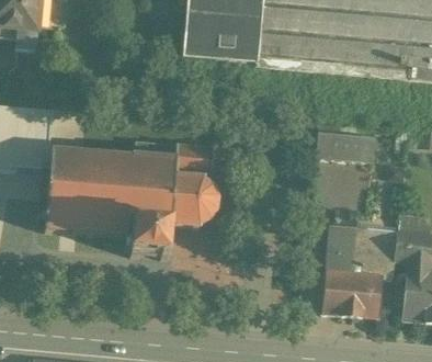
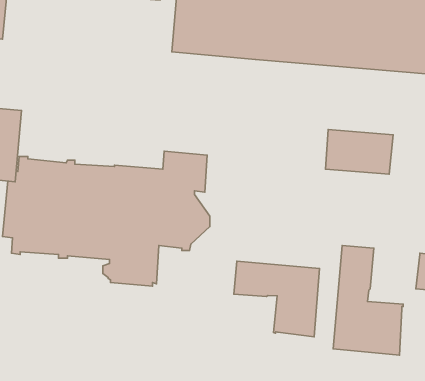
building: [352,227,397,279] -> none
building: none -> [234,261,320,337]

